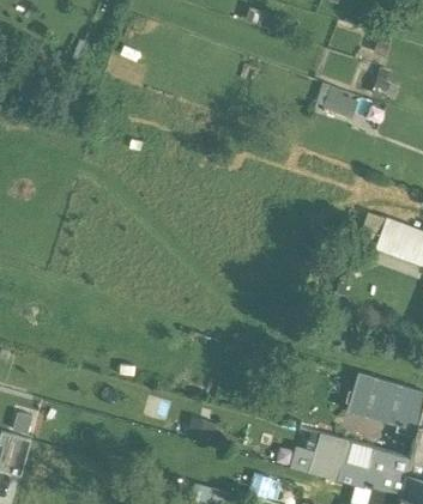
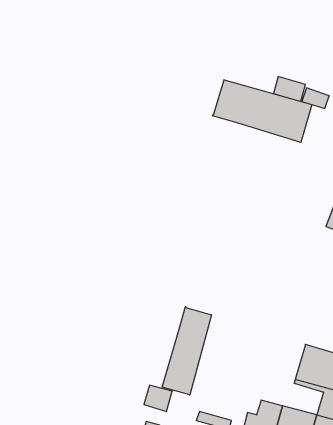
building: none -> [212,80,312,142]
building: none -> [162,307,211,395]

